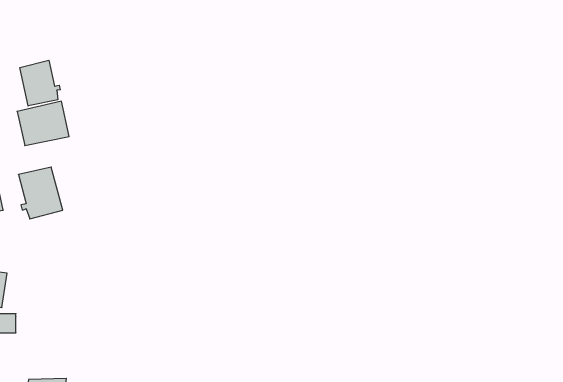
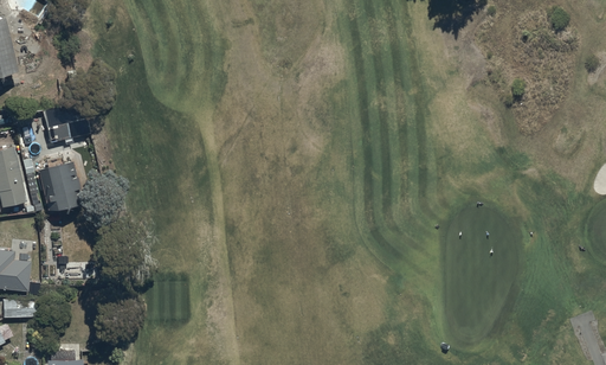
building: [20,60,60,106] -> none

